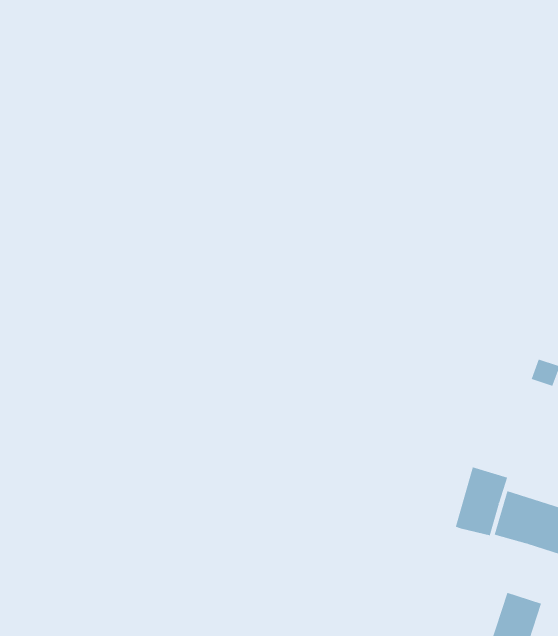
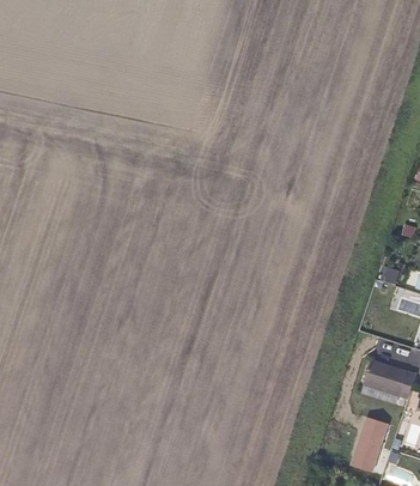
building: [455,466,508,536] -> none

